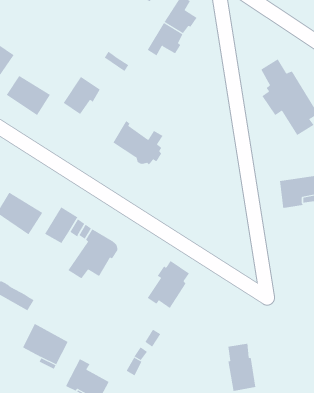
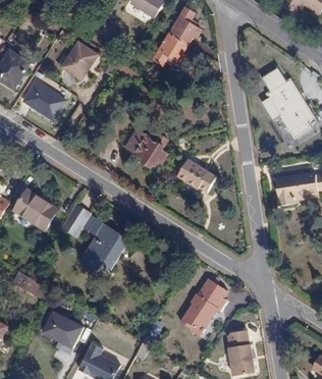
building: [63,76,100,115] -> [62,42,97,77]
building: none -> [178,158,217,193]
building: [147,260,190,309] -> [181,286,221,331]

